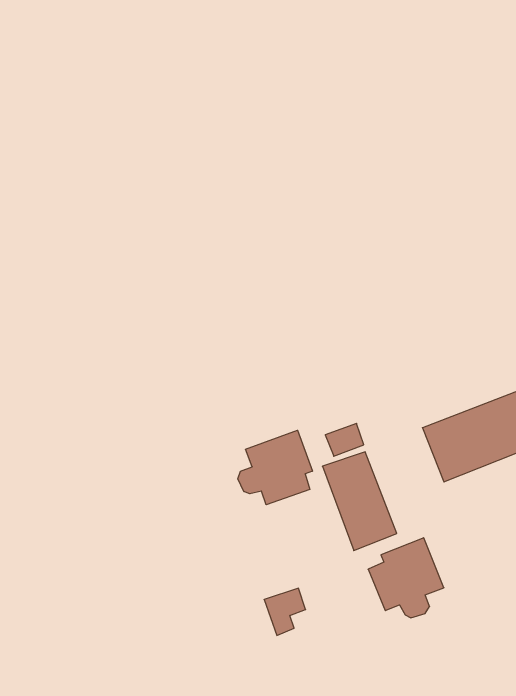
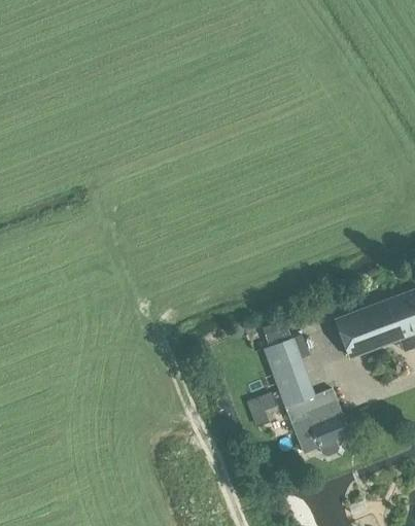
building: [238,430,312,505] -> none
building: [264,588,306,635] -> [248,389,278,423]

